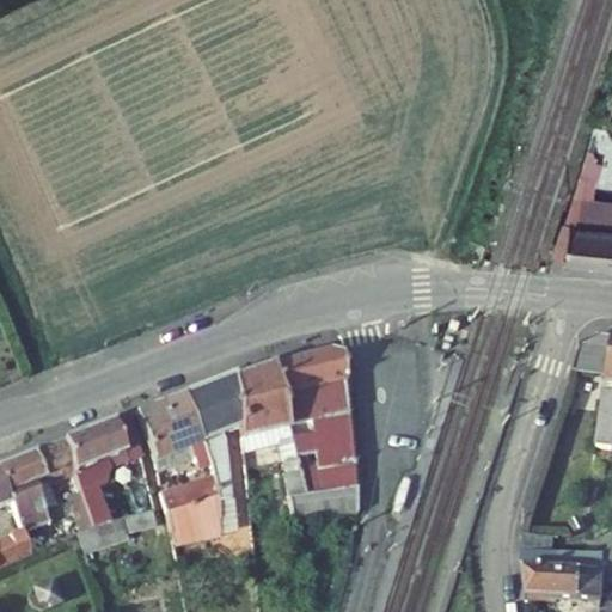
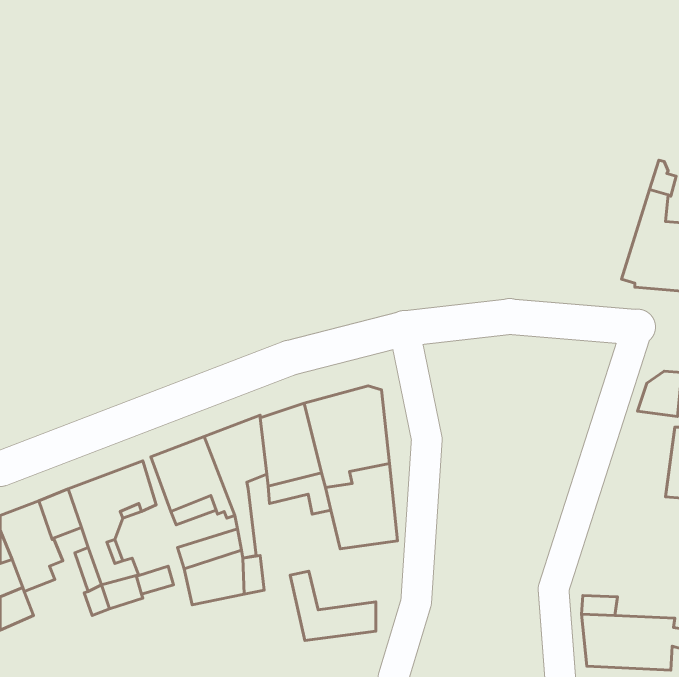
building: [282,457,359,519] -> [290,571,376,641]

